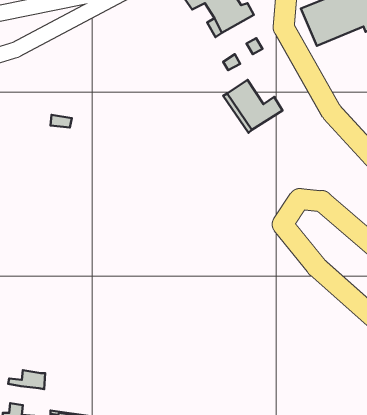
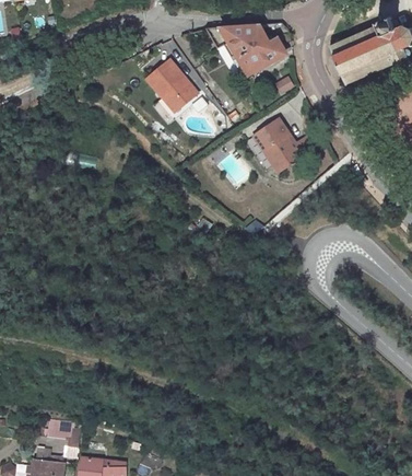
building: none -> [150,60,210,115]

